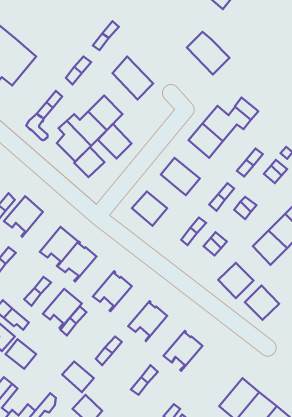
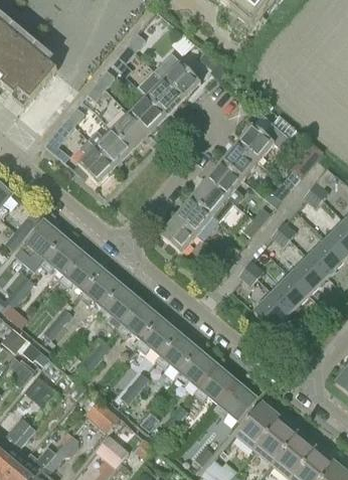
building: [187,32,230,74] -> [155,51,201,98]
building: [98,124,131,158] -> [130,94,166,131]
building: none -> [206,159,243,202]
building: [74,147,104,177] -> none
building: none -> [176,196,213,232]
building: none -> [41,236,82,280]
building: [245,285,279,320] -> [273,274,310,311]
building: none -> [137,317,179,360]
building: [43,289,82,329] -> [99,285,141,328]
building: none -> [175,349,217,392]
building: none -> [213,381,256,420]
building: none -> [235,401,280,447]

